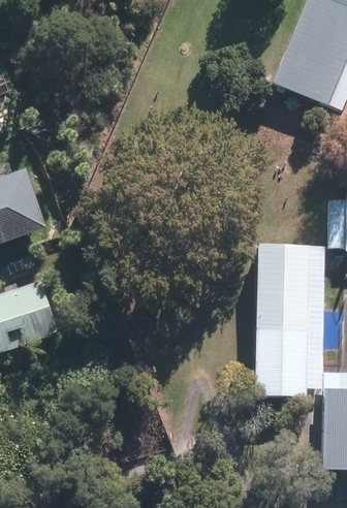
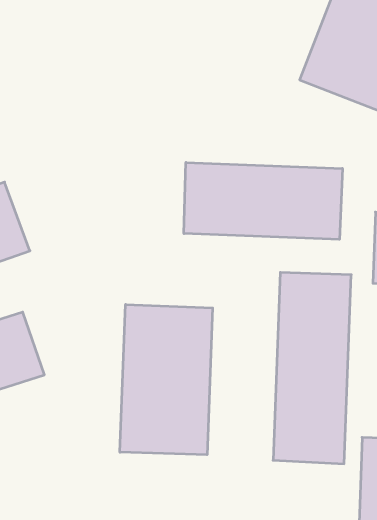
building: none -> [184,162,342,239]
building: none -> [120,304,213,455]

